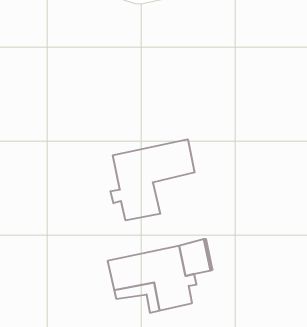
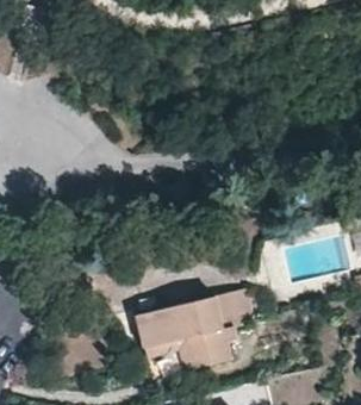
building: [111,139,195,220] -> none

